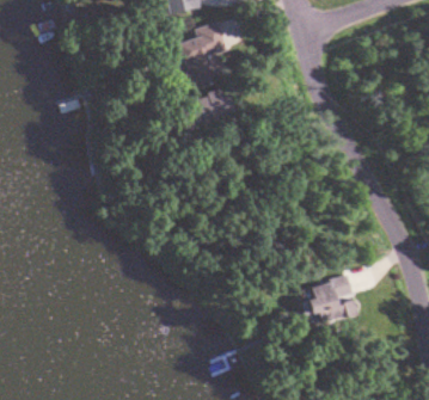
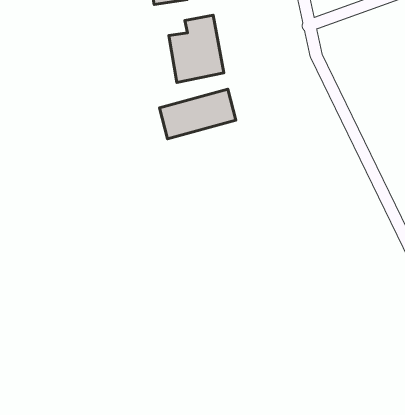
building: [306,276,355,325] -> none

